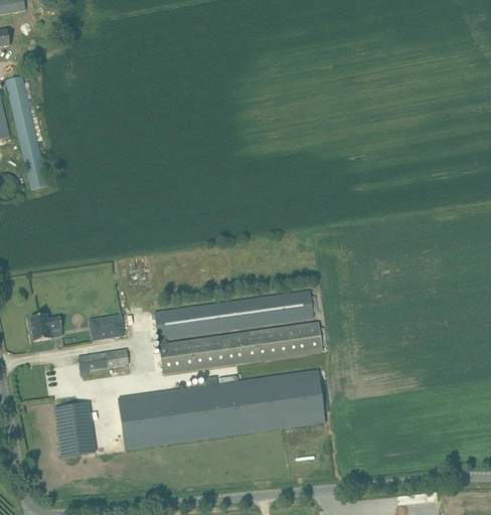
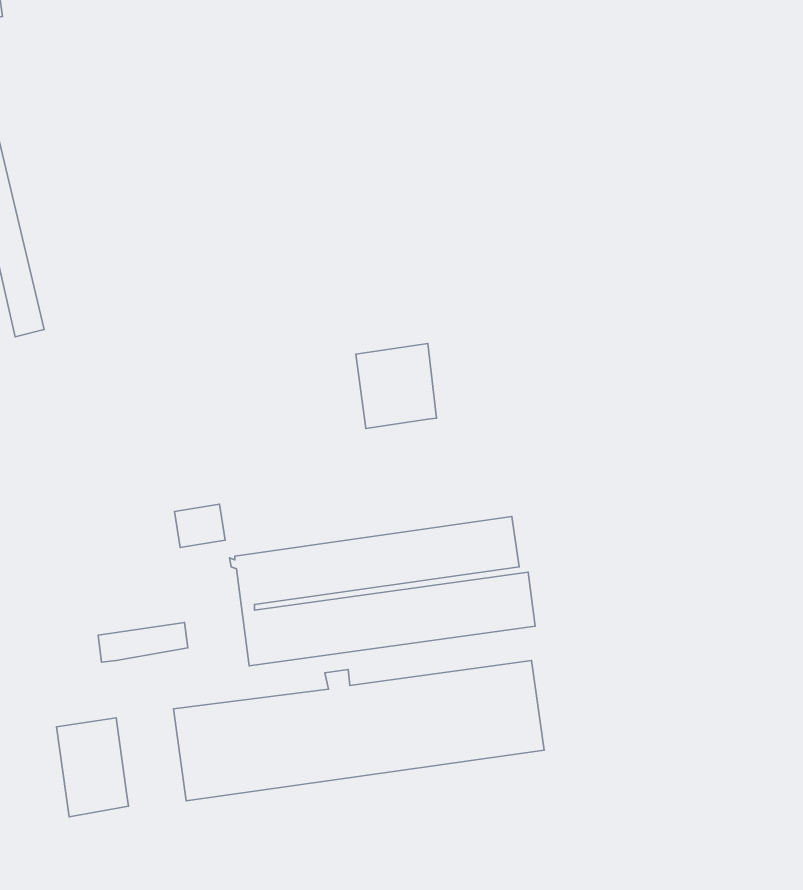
building: none -> [356,343,437,428]
building: [29,314,61,341] -> none
building: [96,315,124,339] -> [175,504,225,547]

